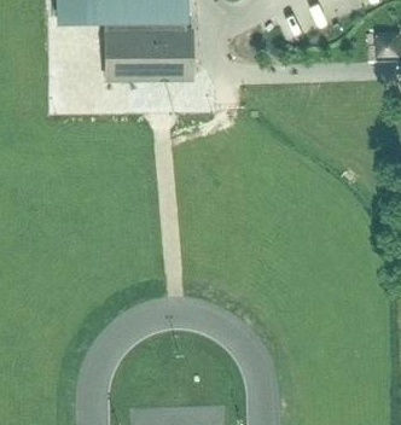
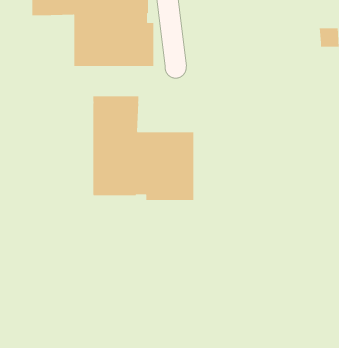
building: none -> [93,95,194,201]

